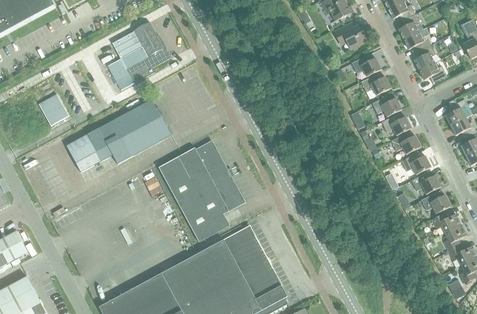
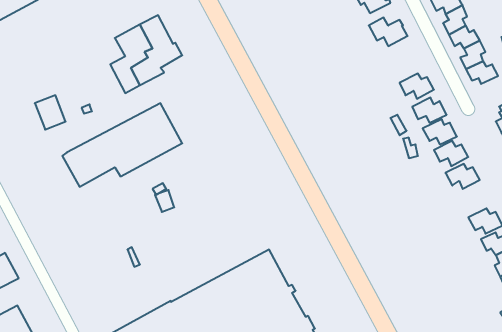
building: [352,54,381,76] -> none
building: [159,141,244,241] -> none
building: [411,172,441,194] -> none

